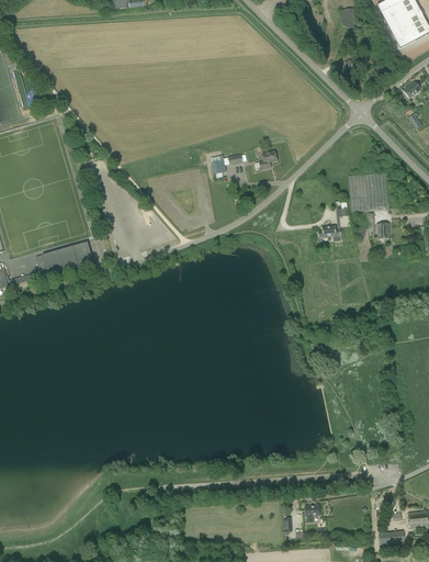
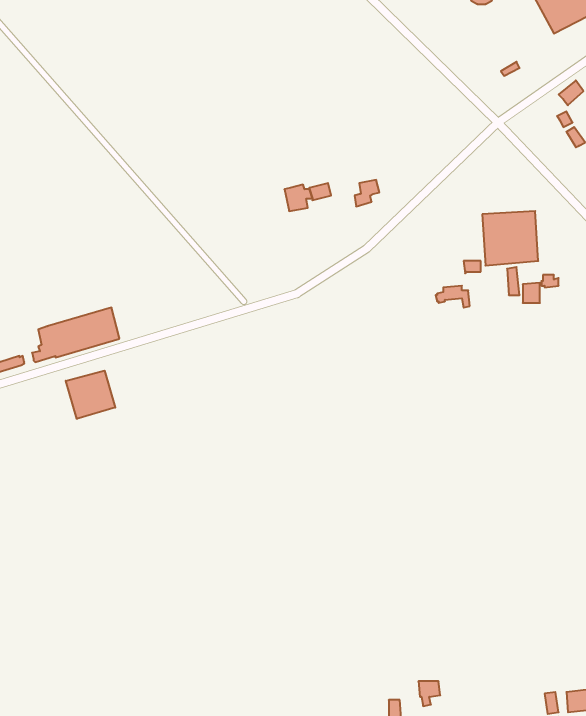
building: none -> [66,371,115,419]

